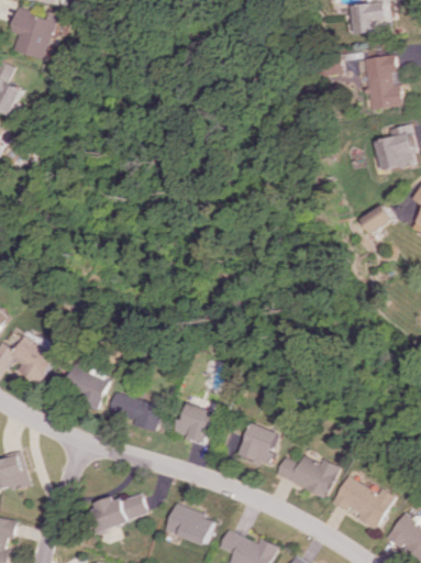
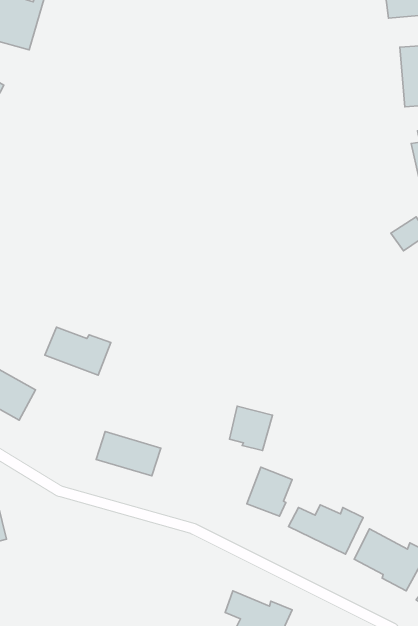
building: [49,360,107,401] -> [45,327,111,375]
building: [174,404,211,442] -> [229,406,272,450]
building: [90,493,145,530] -> none
building: [163,505,212,545] -> none

